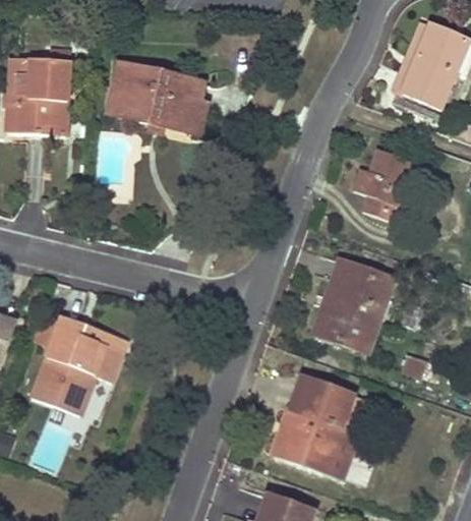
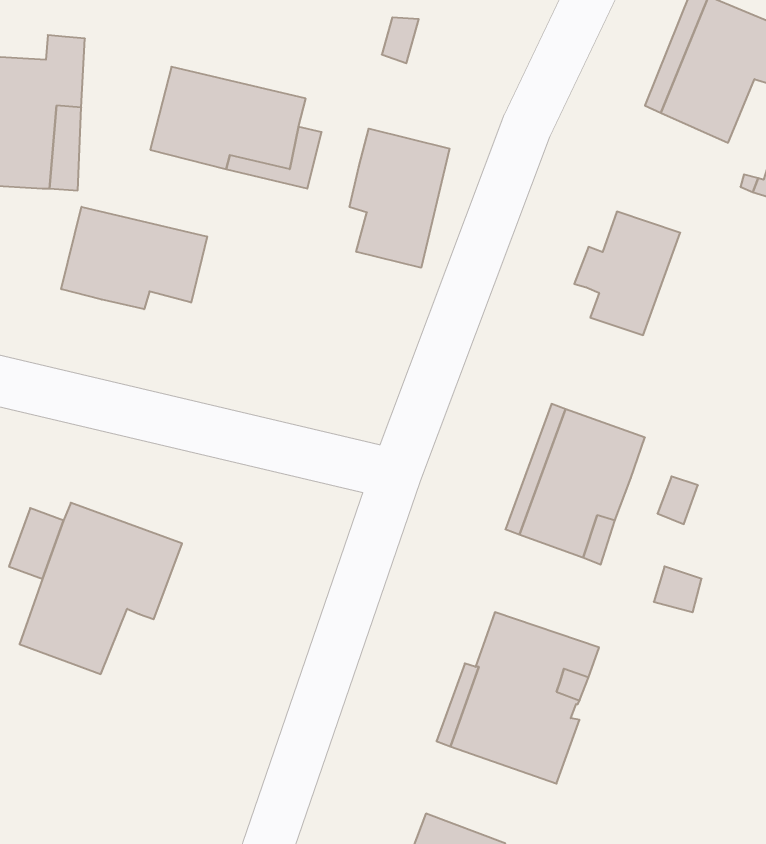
building: none -> [350,129,450,268]
building: none -> [61,207,207,309]

